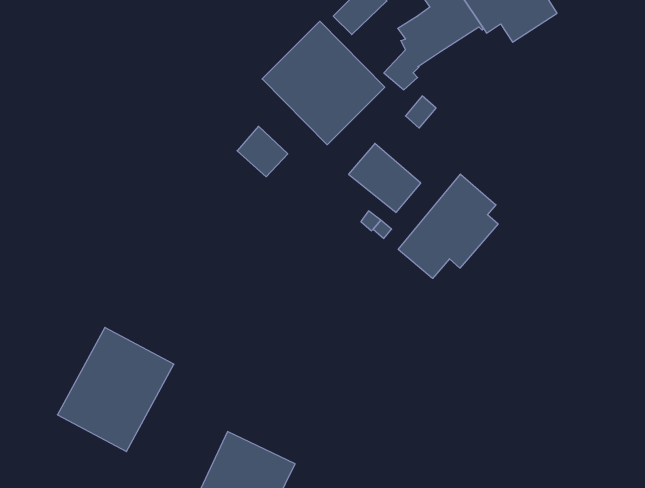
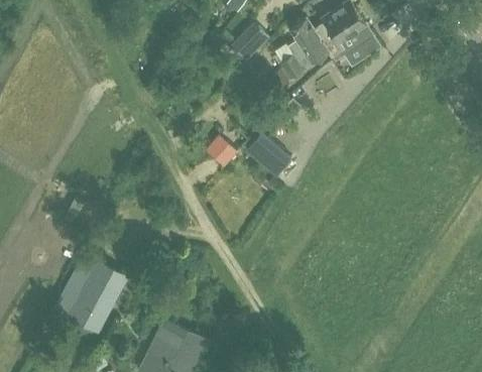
building: [262,21,385,145] -> none
building: [237,126,288,177] -> [205,134,238,167]
building: [398,174,498,278] -> none

